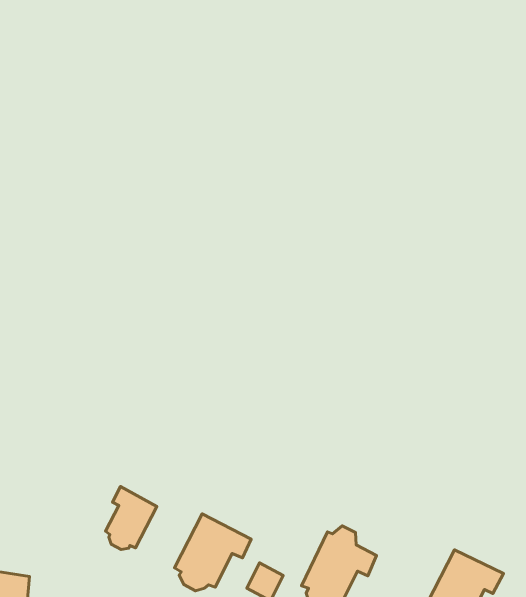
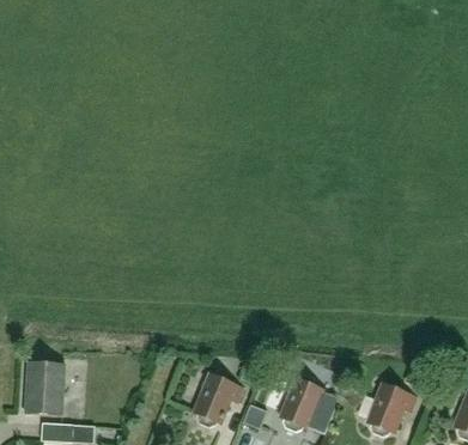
building: [105,486,157,550] -> none

